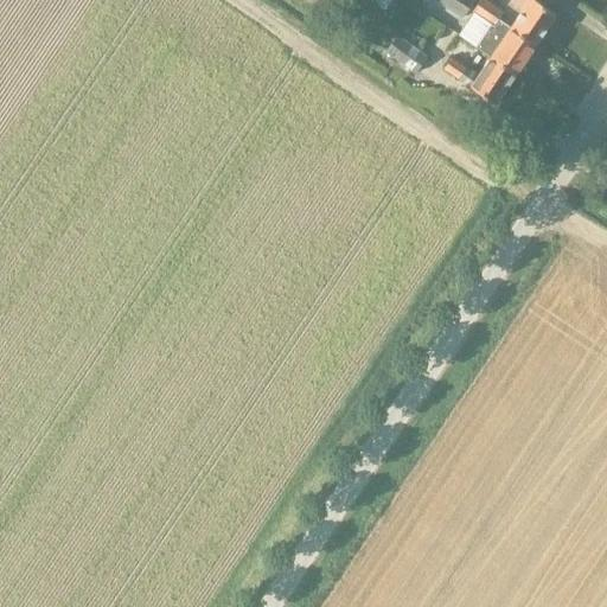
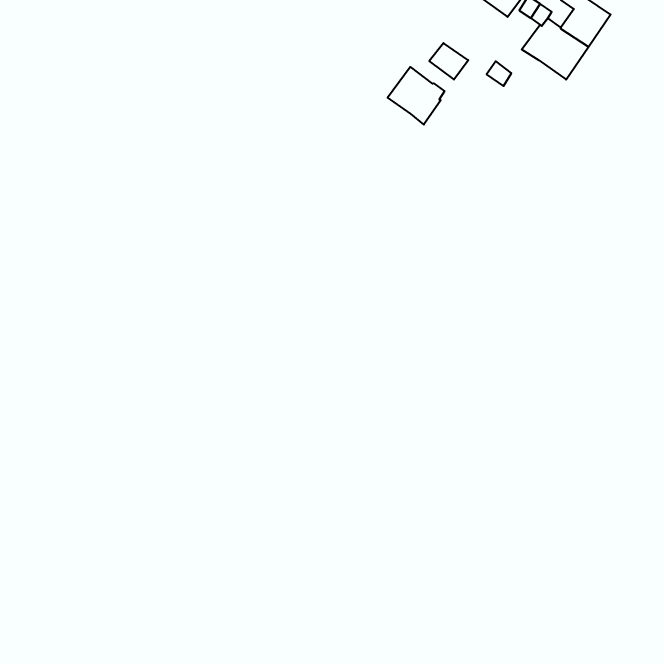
building: [471,55,517,102] -> none
building: none -> [388,67,444,125]

